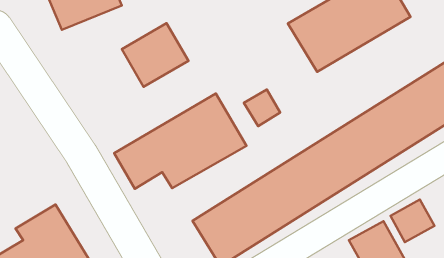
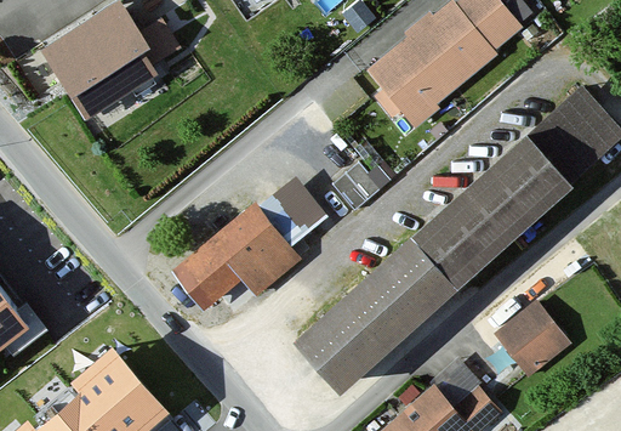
building: [122,23,188,87] -> none
building: [390,199,434,242] -> none

